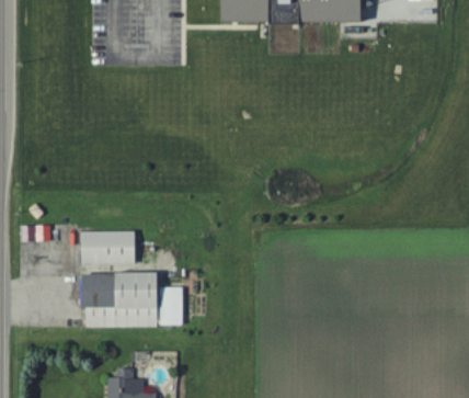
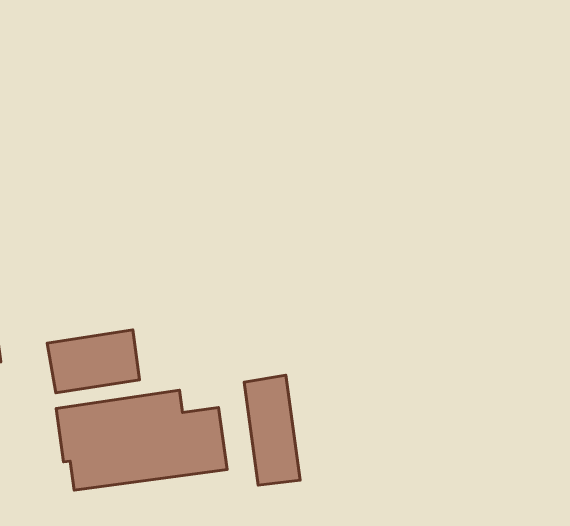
building: none -> [244,375,300,485]

